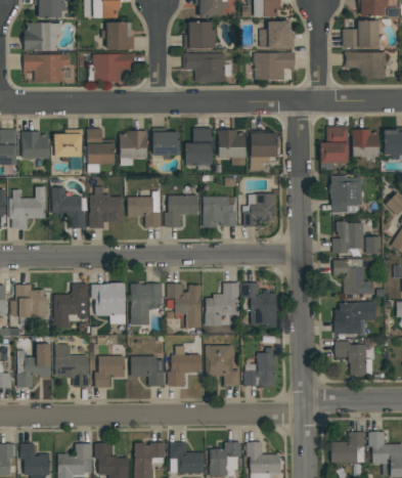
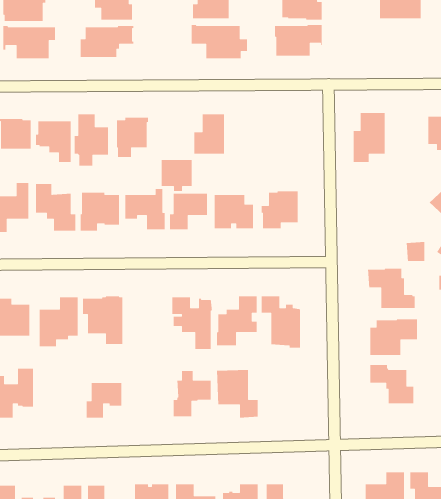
building: [344,51,386,79] -> none
building: [351,129,378,157] -> none
building: [218,130,245,165] -> none
building: [152,132,179,160] -> [161,159,192,192]
building: [251,133,277,171] -> none
building: [329,176,361,213] -> none
building: [332,221,363,253] -> none
building: [131,284,163,325] -> none
building: [55,344,89,387] -> none
building: [244,348,275,388] -> none
building: [131,356,164,386] -> none

